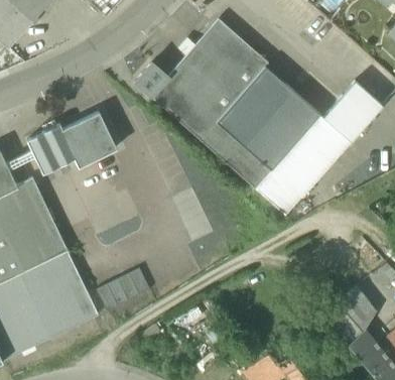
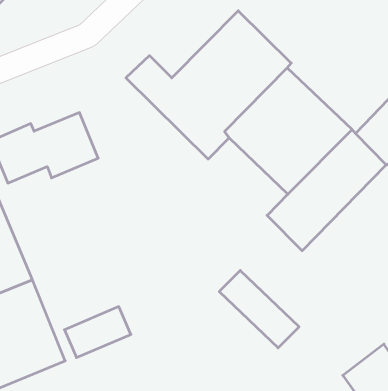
building: [204,125,270,186] -> [219,270,299,348]

